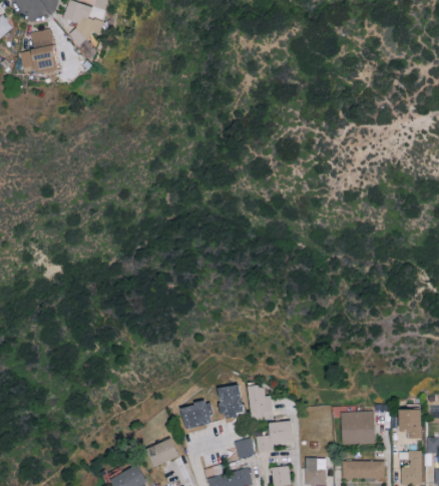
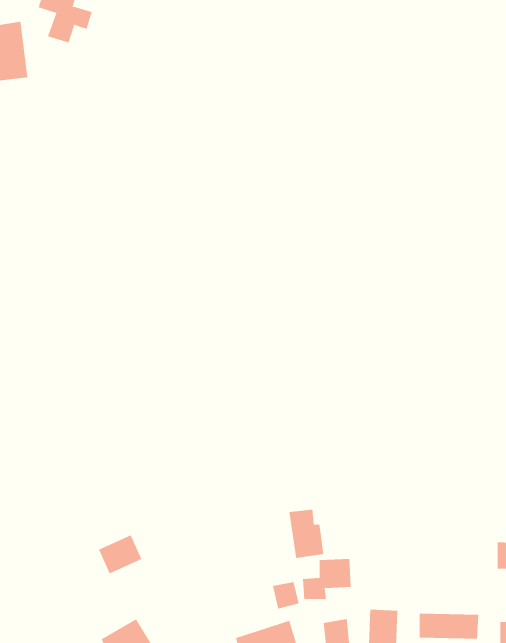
building: [217,386,243,417] -> none
building: [180,401,213,429] -> none
building: [341,411,375,444] -> none
building: [146,438,178,467] -> [98,534,142,574]

